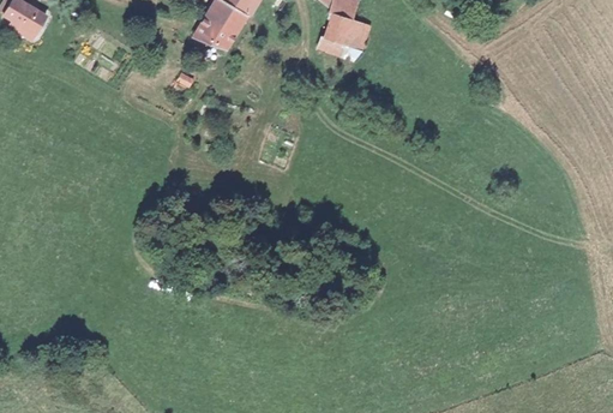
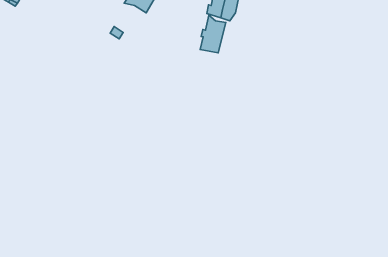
building: none -> [200,15,226,53]

